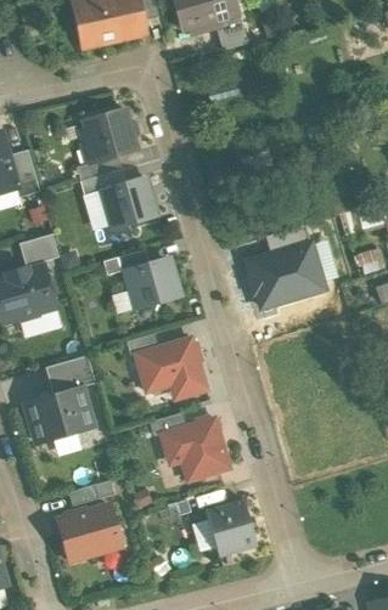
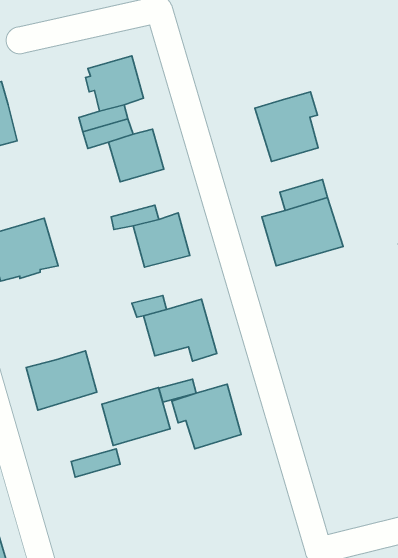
building: none -> [255,92,318,161]
building: [9,149,39,198] -> none
building: [19,233,60,266] -> none
building: [45,355,95,395] -> none
building: [206,498,257,557] -> none
building: [57,504,122,559] -> [102,388,170,446]

